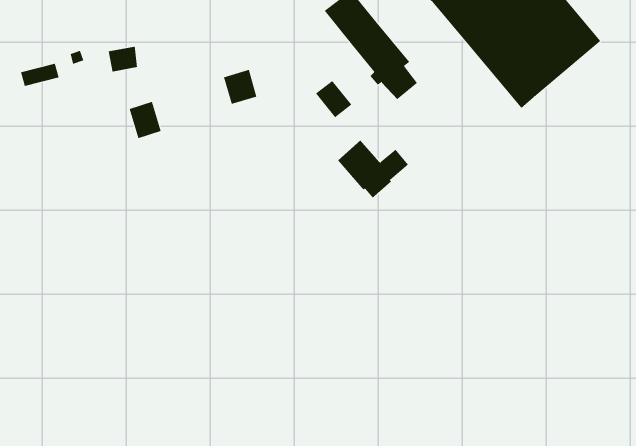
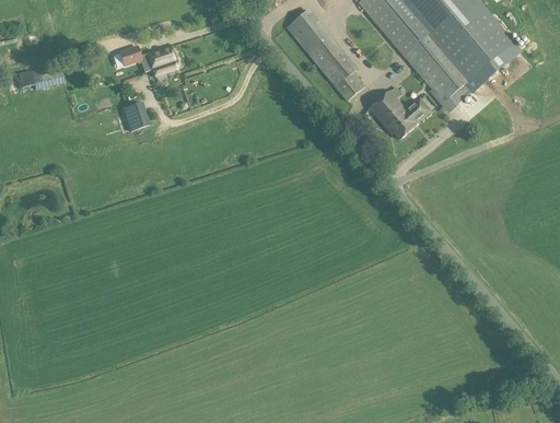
building: [223,69,257,105] -> [147,46,175,75]
building: [315,80,352,118] -> none
building: [337,140,409,198] -> [369,91,429,140]

